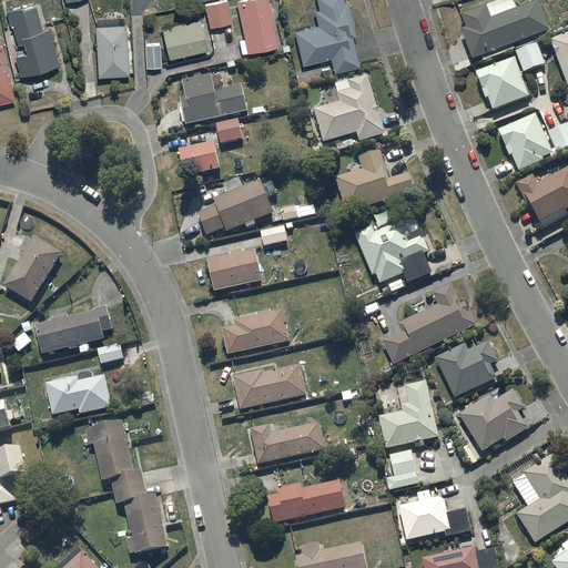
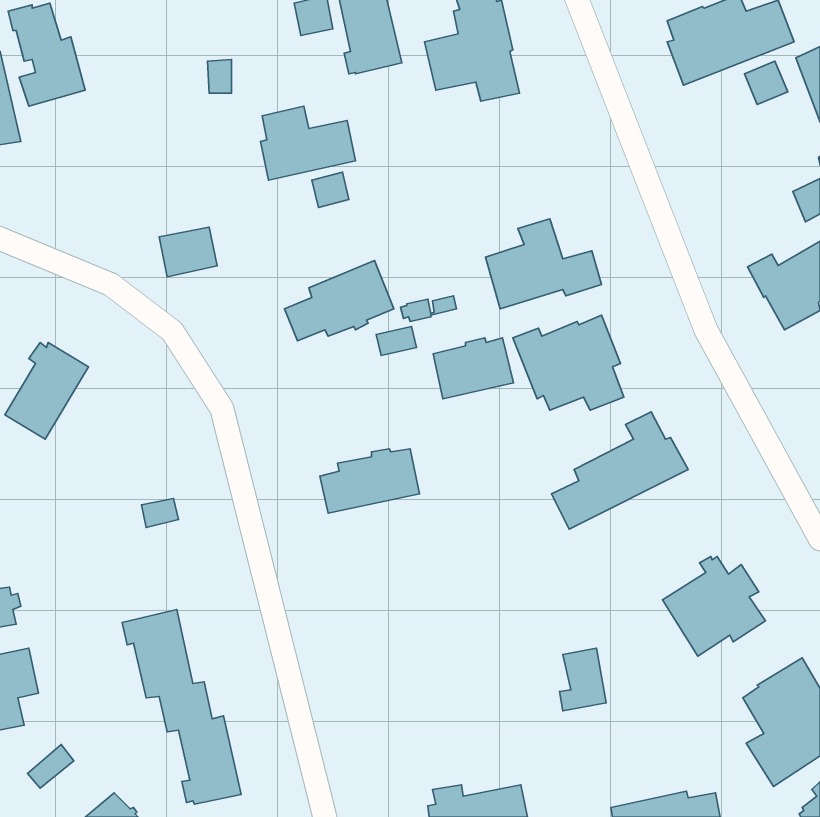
building: [160,17,205,55] -> none
building: [93,22,126,74] -> none
building: [475,57,528,110] -> none
building: [313,74,387,142] -> none
building: [497,113,552,171] -> none
building: [179,142,219,176] -> [159,227,217,277]
building: [206,248,262,291] -> [433,338,514,399]
building: [36,306,112,354] -> none
building: [435,341,497,398] -> none
building: [232,365,306,409] -> none
building: [45,375,112,415] -> none
building: [378,382,438,449] -> none
building: [248,422,325,466] -> none
building: [267,480,345,524] -> none
building: [398,496,469,540] -> none

